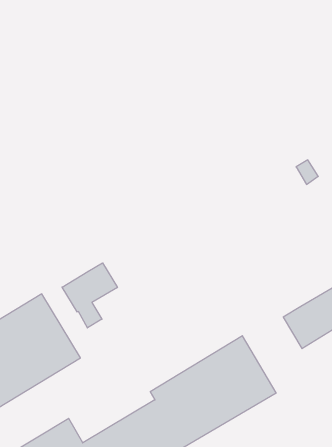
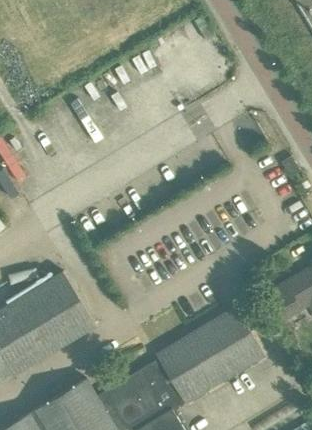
building: [62,263,117,328] -> none

